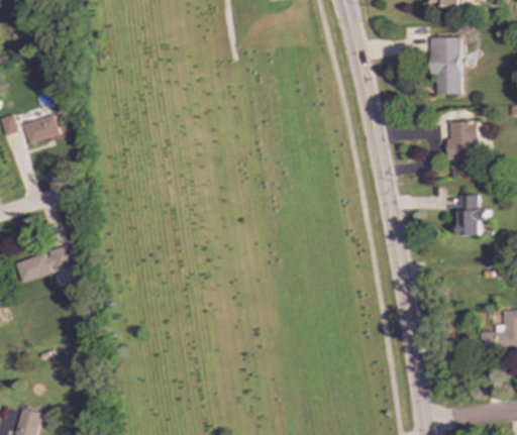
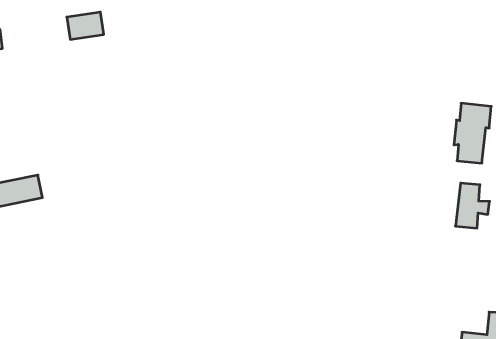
building: [429,36,460,94] -> none
building: [23,114,60,143] -> [67,12,104,39]

